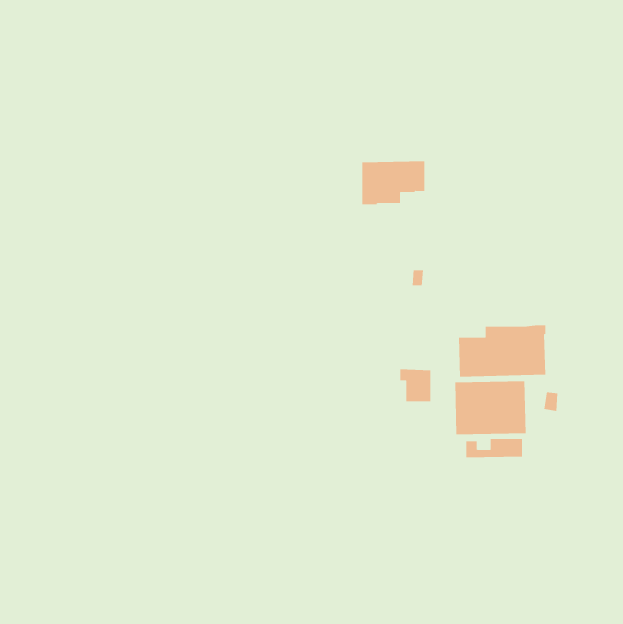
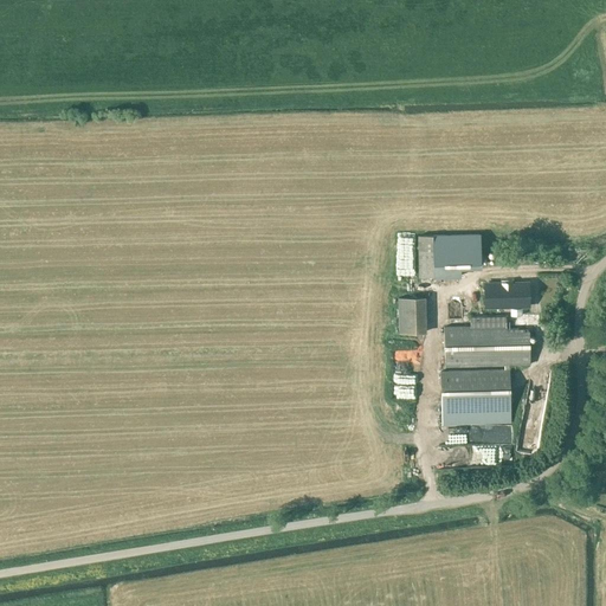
building: [362,161,425,205] -> [419,234,481,277]
building: none -> [489,282,527,316]
building: none -> [400,297,425,333]

